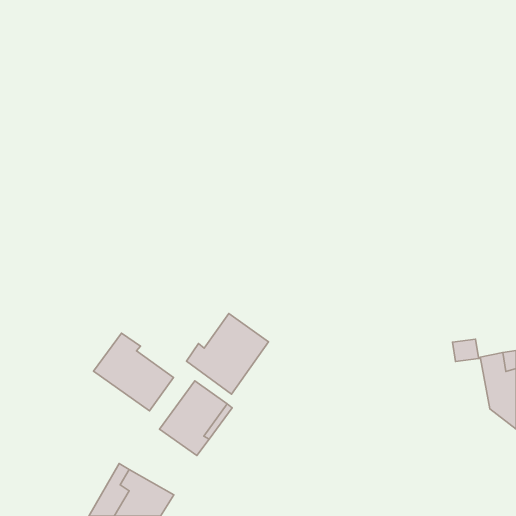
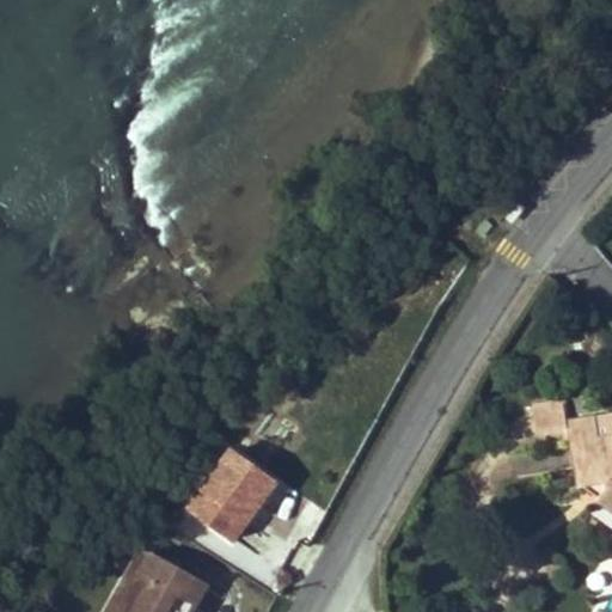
building: [186,313,268,394] -> none
building: [94,333,173,411] -> none

